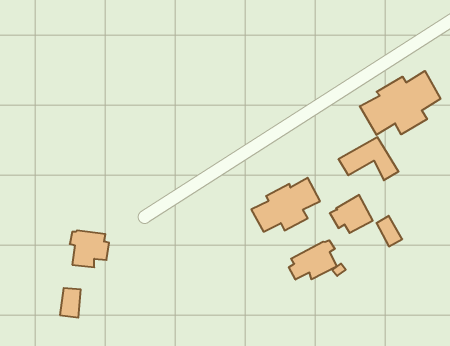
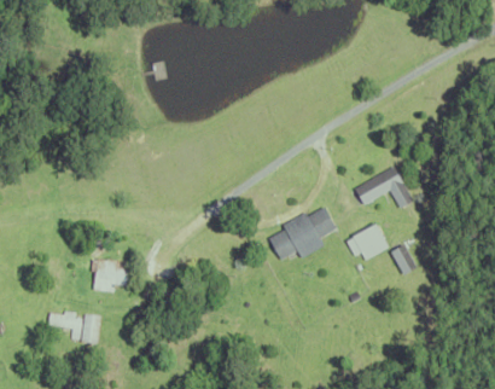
building: [360,71,440,135] -> none
building: [289,240,337,280] -> none
building: none -> [47,310,81,339]

